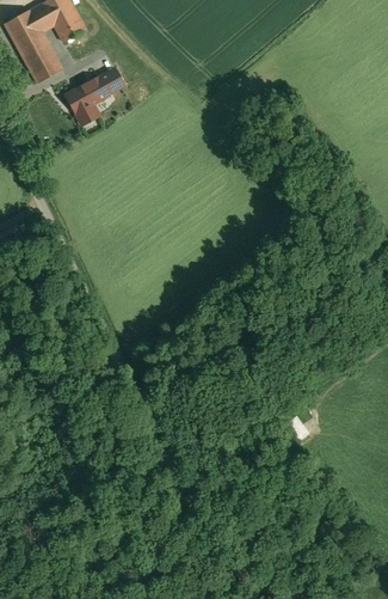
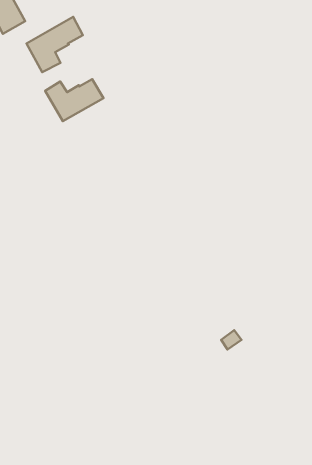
building: none -> [45,79,103,121]

